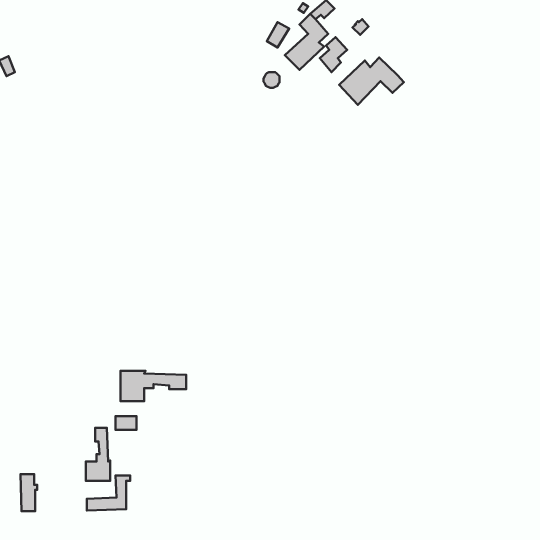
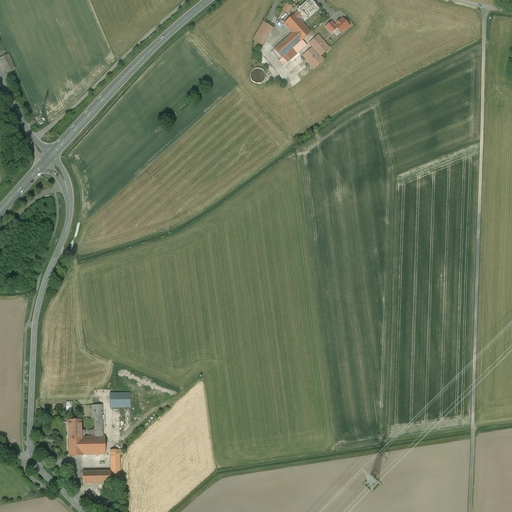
building: [339,58,404,105] -> none
building: [121,371,186,401] -> none
building: [20,474,37,511] -> [67,420,83,455]

